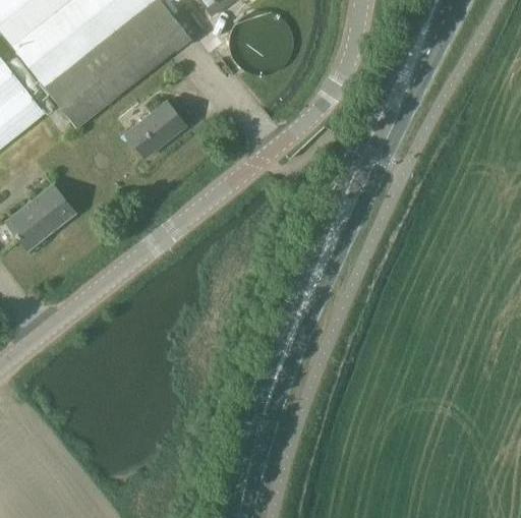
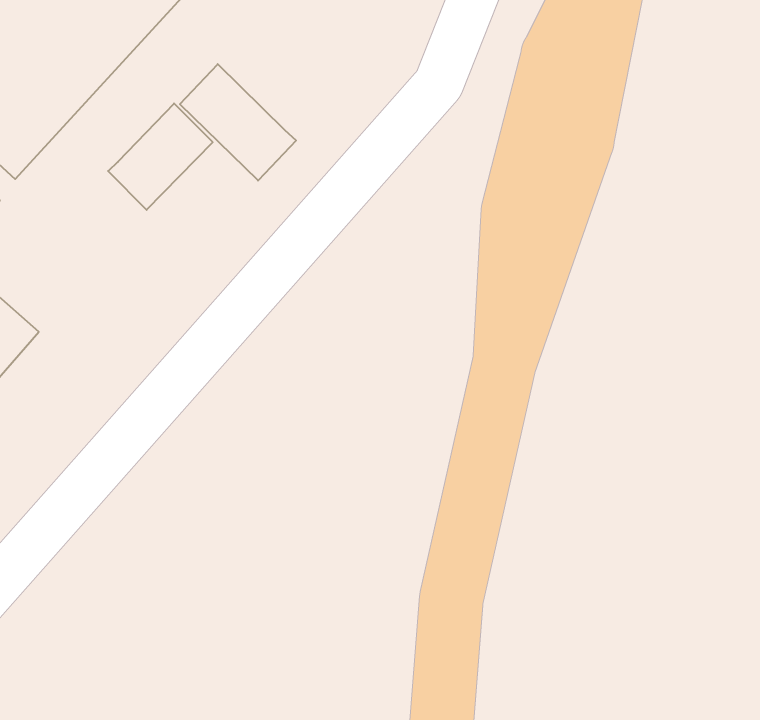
building: none -> [180,64,296,181]

